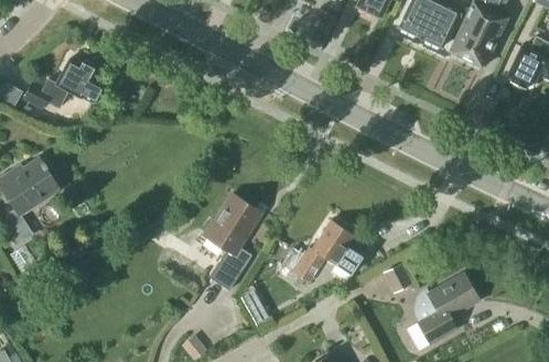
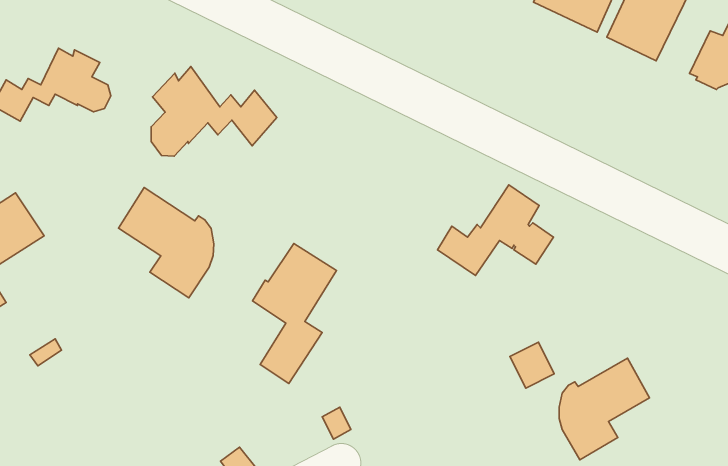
building: none -> [151,66,277,156]
building: none -> [119,188,214,298]
building: [282,219,363,282] -> [437,185,553,275]

